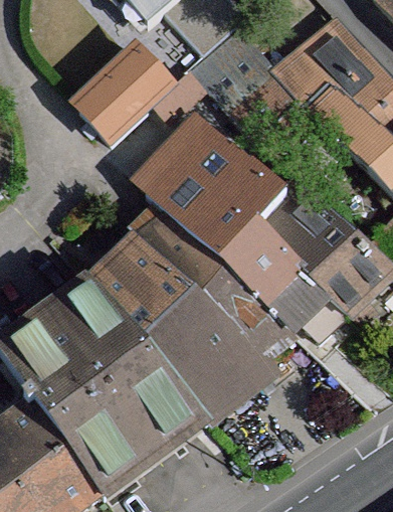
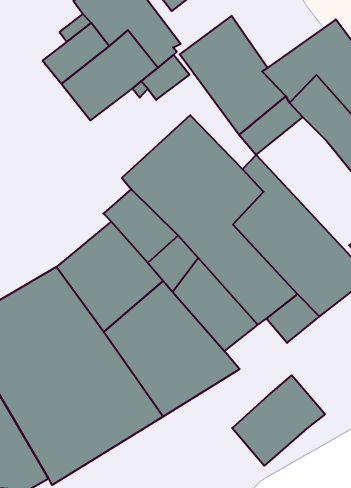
building: none -> [232,375,325,466]

